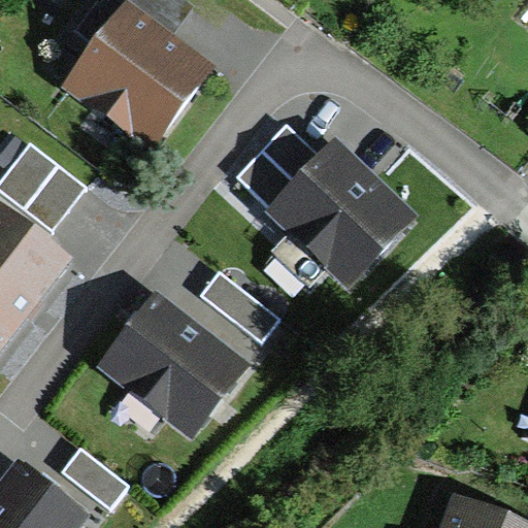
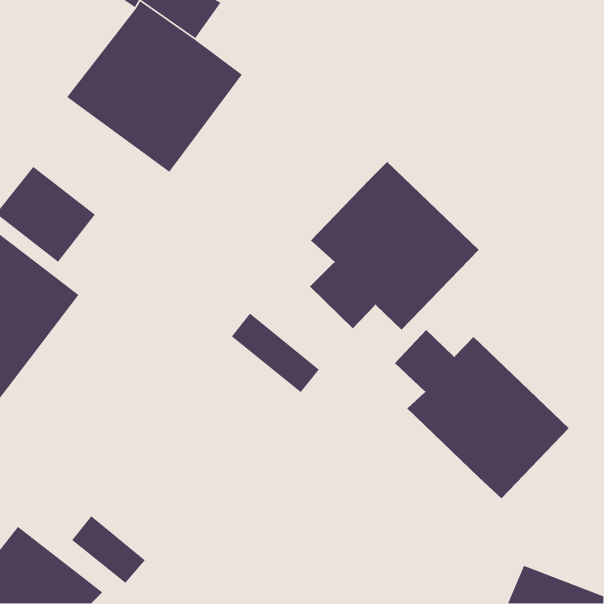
building: [235,124,321,209] -> none
building: none -> [394,329,570,499]
building: [100,295,248,436] -> none

